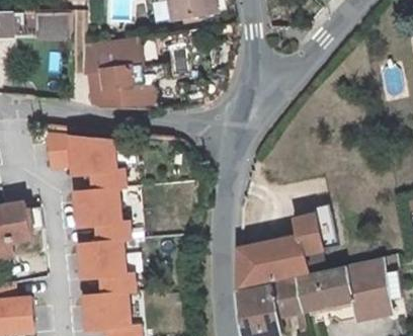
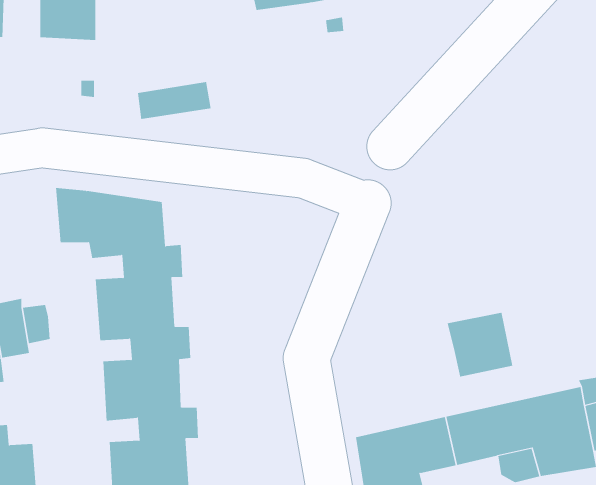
building: [84,35,146,74] -> none
building: [89,82,160,108] -> none
building: [237,236,308,287] -> none

